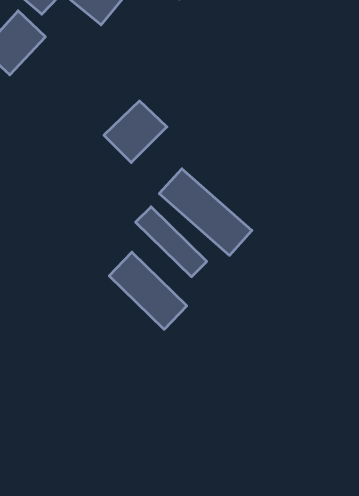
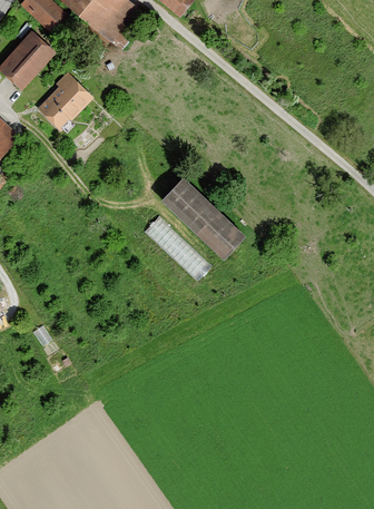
building: [104,101,167,163] -> [35,74,94,131]
building: [109,252,187,329] -> none

